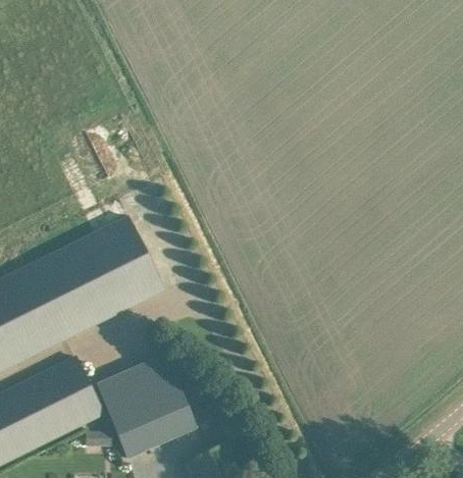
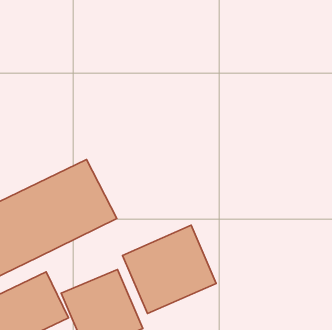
building: none -> [122,225,216,314]

